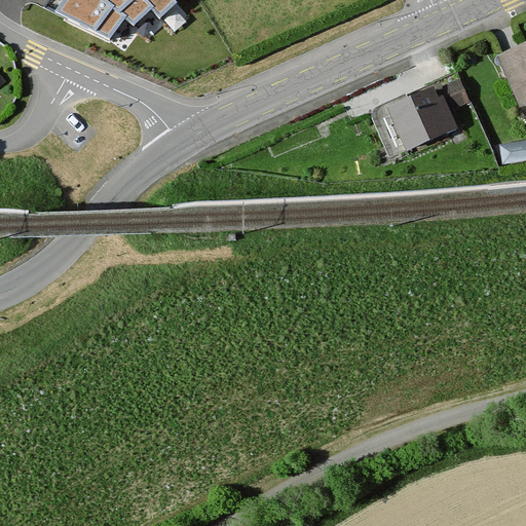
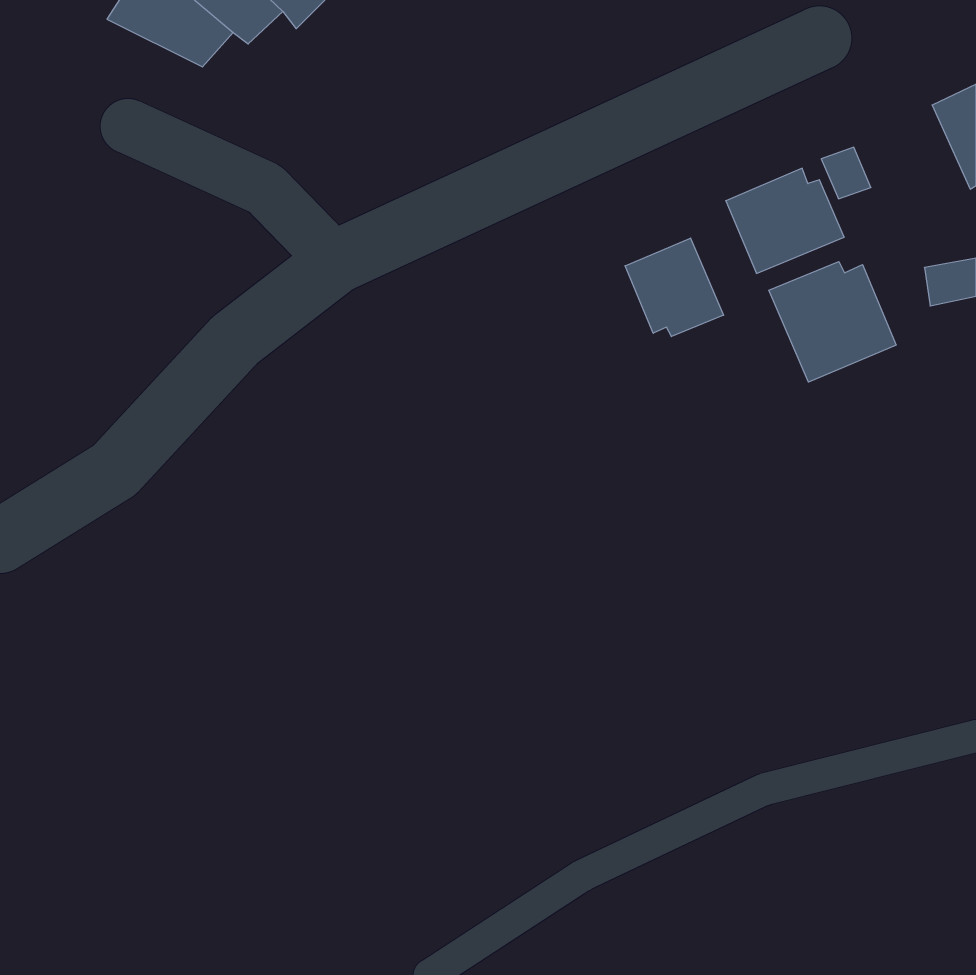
building: none -> [625,238,724,337]
building: none -> [769,262,896,382]

